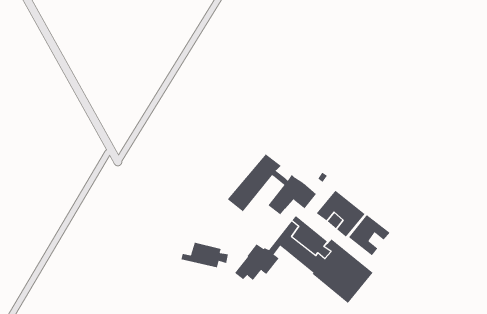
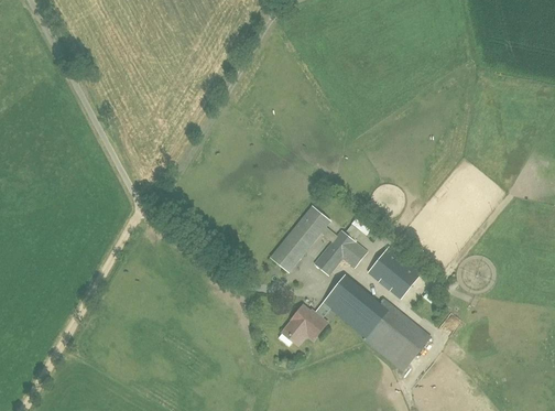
building: [348,214,391,256] -> none
building: [181,242,228,268] -> none

